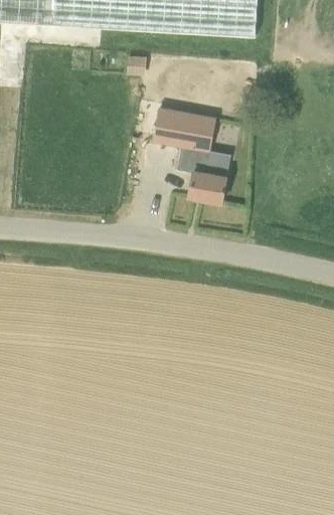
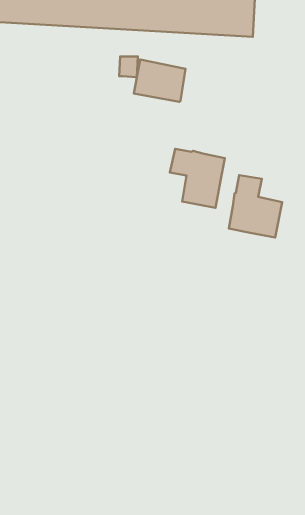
building: [153,108,203,149] -> [134,59,186,102]
building: none -> [229,175,282,238]

